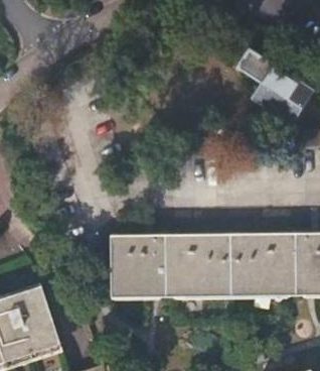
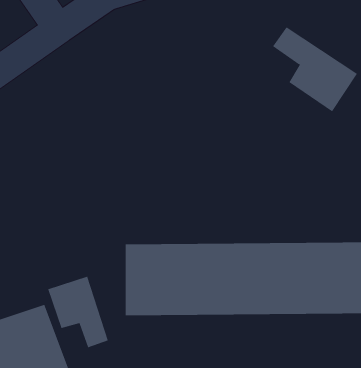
building: none -> [47,276,109,348]

